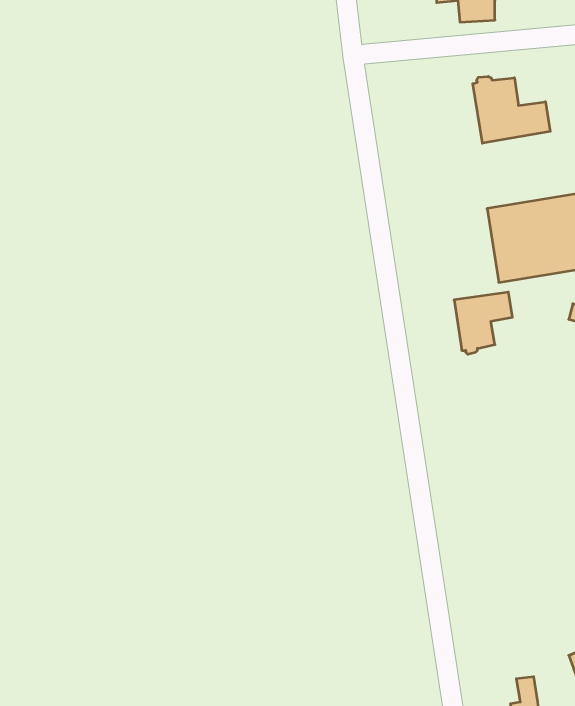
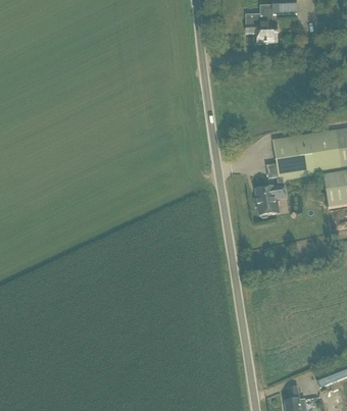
building: [473,76,550,143] -> none

